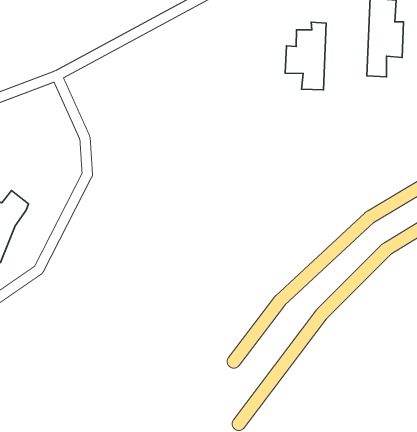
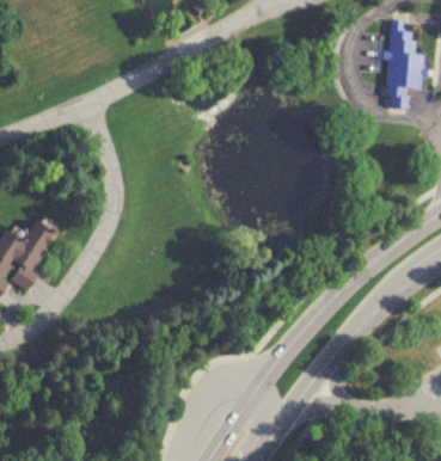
building: [285,22,326,90] -> none

